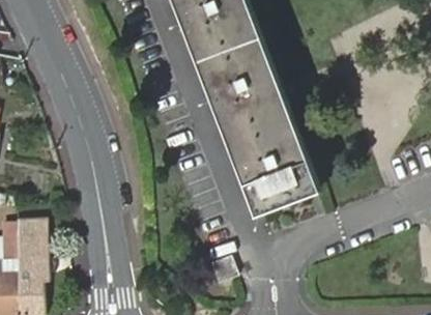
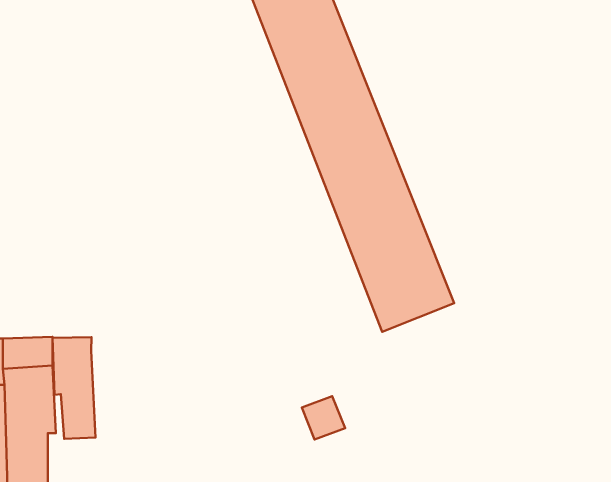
building: none -> [53,337,96,439]

